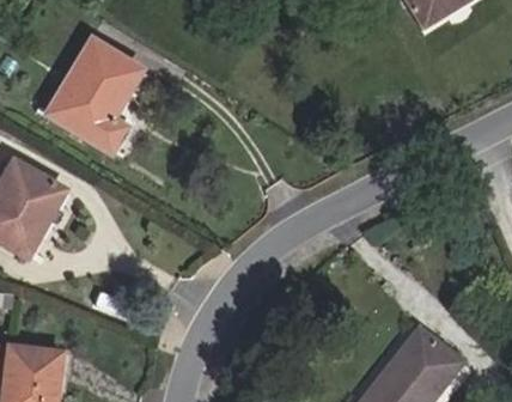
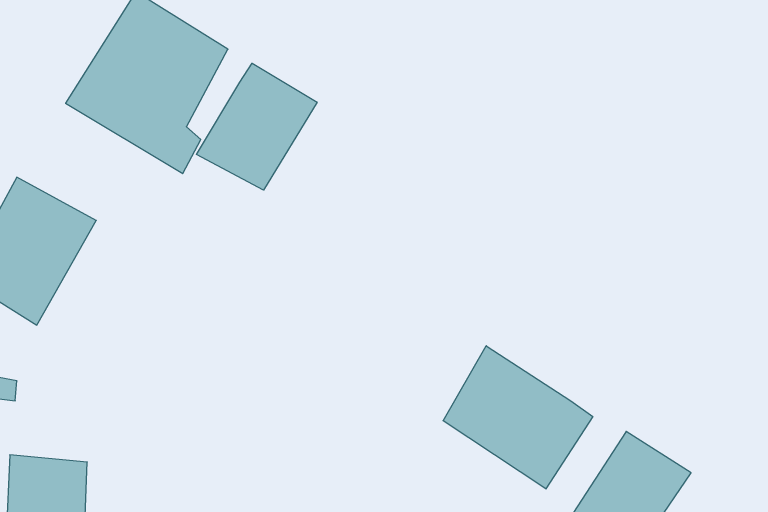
building: none -> [196,63,317,190]
building: none -> [443,346,593,489]

